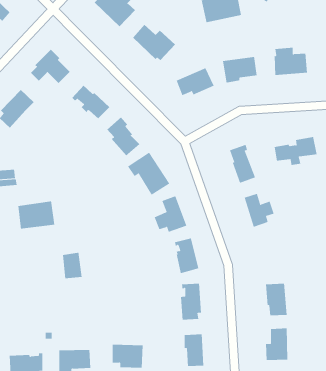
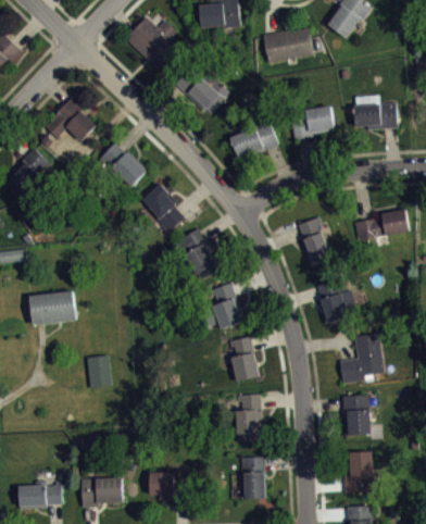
building: none -> [339,333,385,384]

